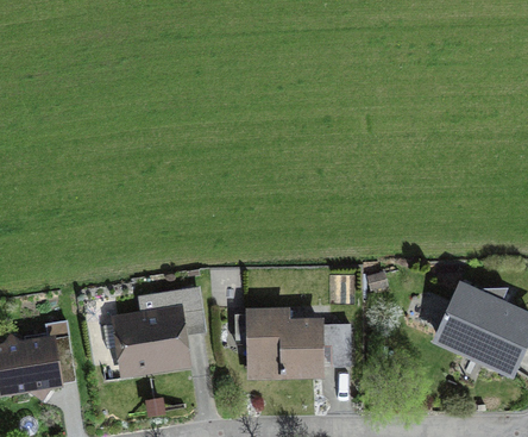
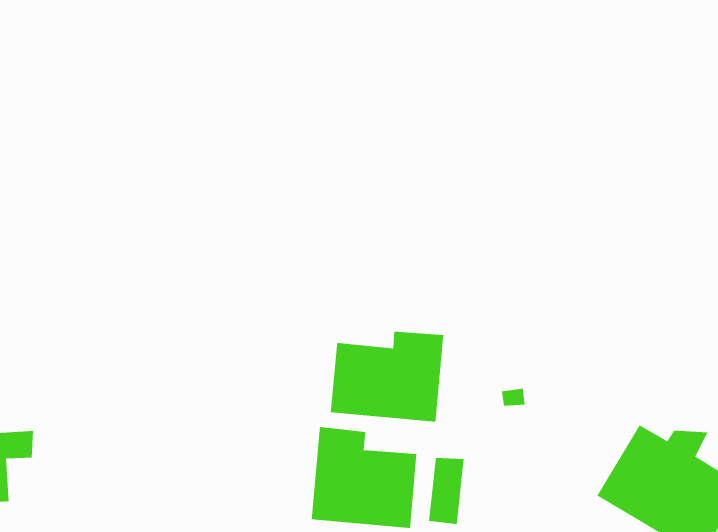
building: none -> [330,331,444,422]
building: [103,291,203,369] -> none

